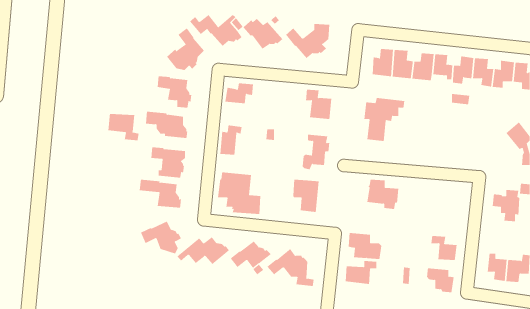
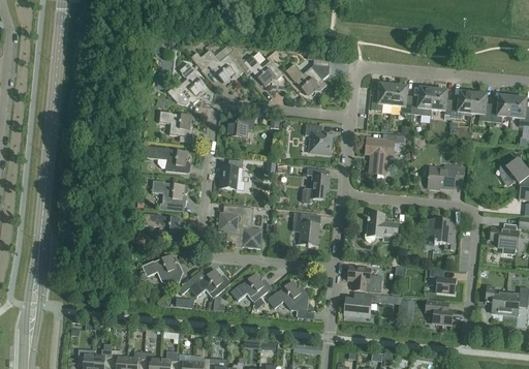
building: [108,113,139,141] -> none
building: none -> [427,163,464,188]
building: none -> [428,218,456,249]

